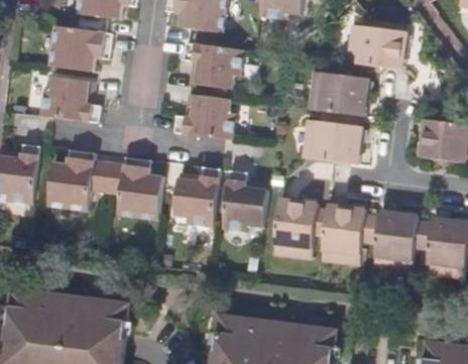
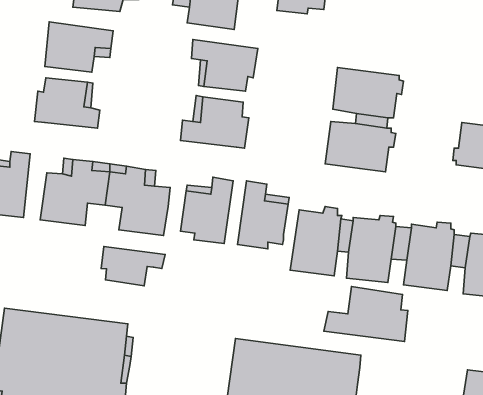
building: [346,23,410,69] -> none
building: none -> [101,246,165,286]
building: none -> [324,286,408,342]

